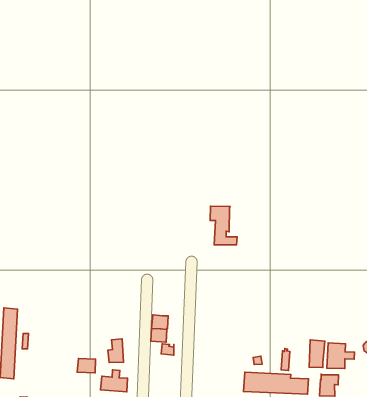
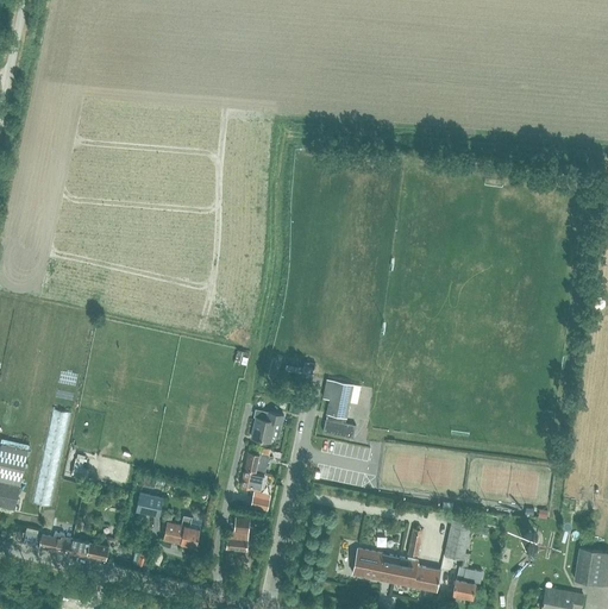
building: [210,206,237,245] -> [324,379,356,437]
building: none -> [252,413,284,442]
building: [108,339,123,363] -> [227,519,250,551]
building: [327,343,355,369] -> none

